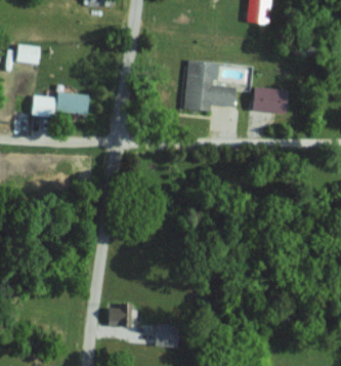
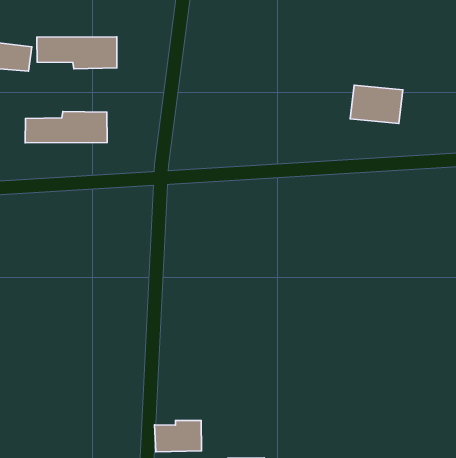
building: none -> [37,37,117,69]
building: [185,59,237,111] -> none

